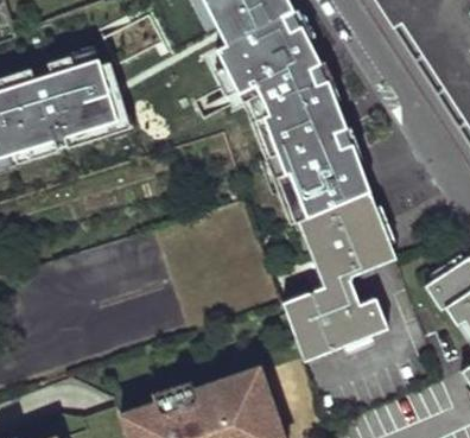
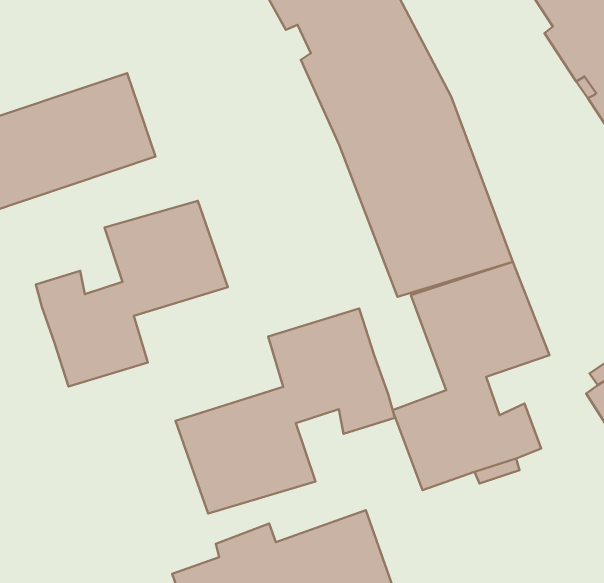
building: none -> [36,201,228,387]
building: none -> [175,308,395,513]

